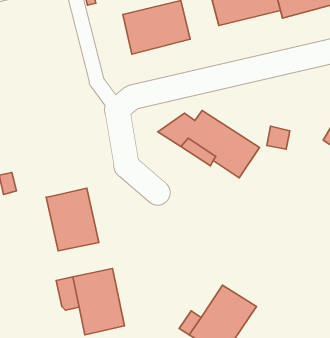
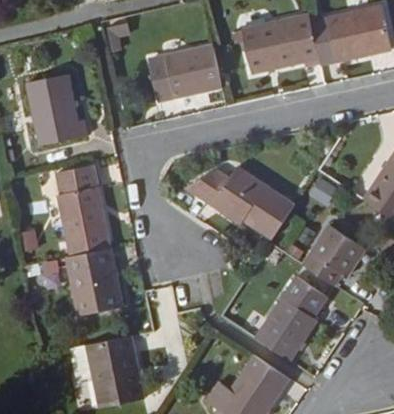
building: none -> [21,76,83,148]
building: none -> [53,166,110,257]
building: none -> [306,221,368,280]
building: none -> [258,274,329,357]

